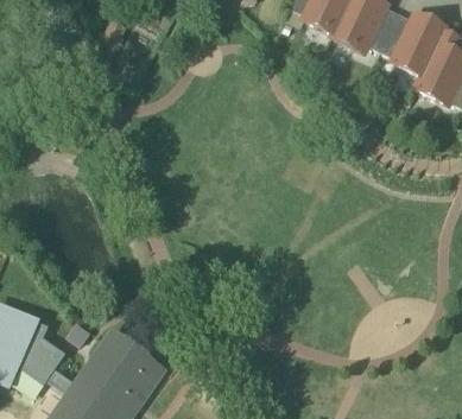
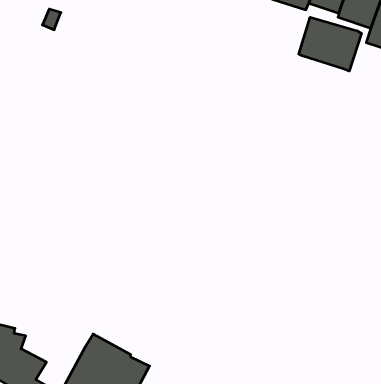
building: none -> [299,17,361,71]

